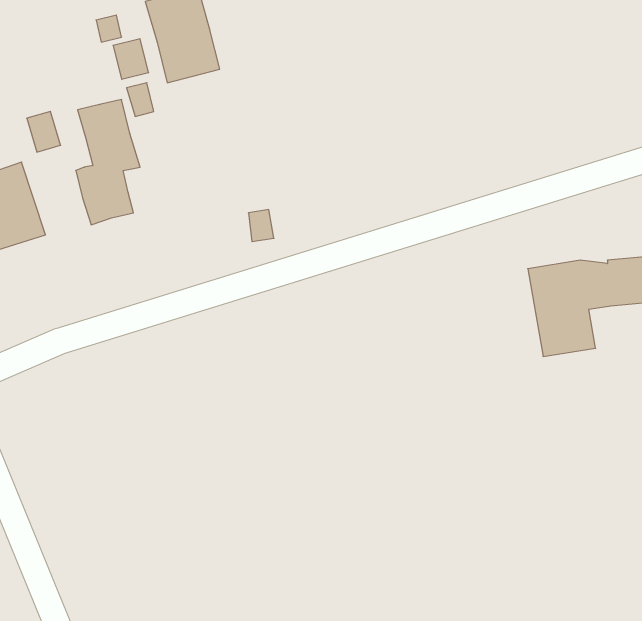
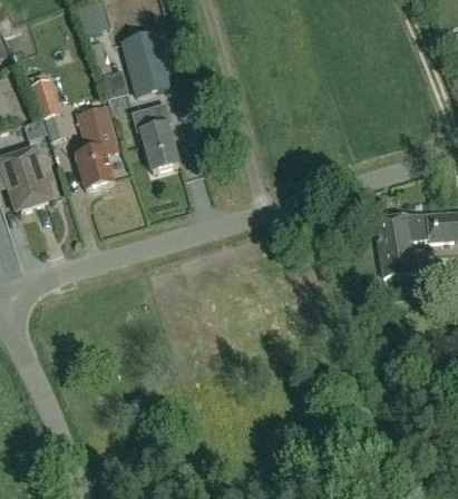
building: none -> [31,79,59,118]
building: none -> [131,102,179,172]

